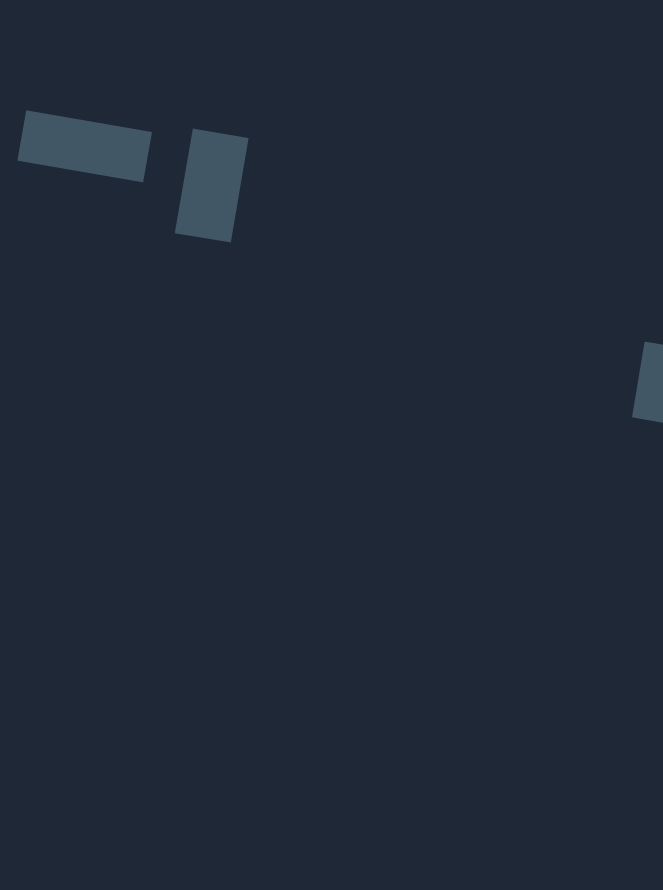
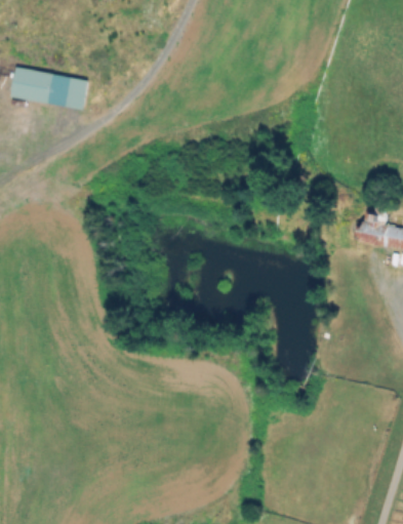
building: [174,128,249,243] -> none

